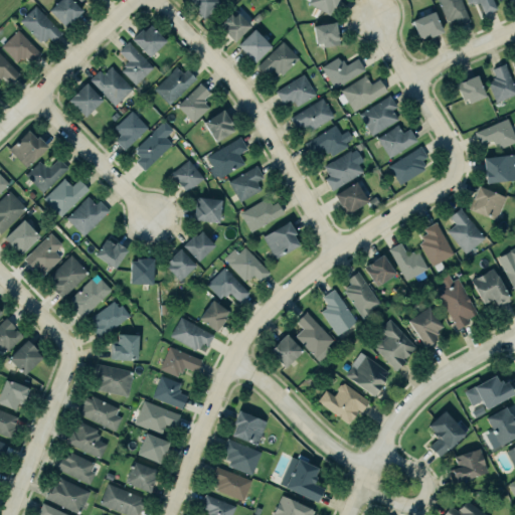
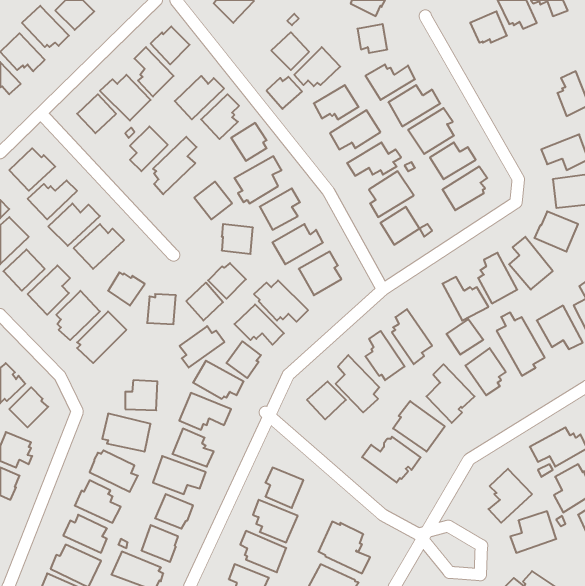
building: [221,13,252,41] -> [267,77,302,109]
building: [458,74,489,105] -> none
building: [365,255,397,287] -> [446,319,483,355]
building: [91,302,130,338] -> [180,326,224,368]

